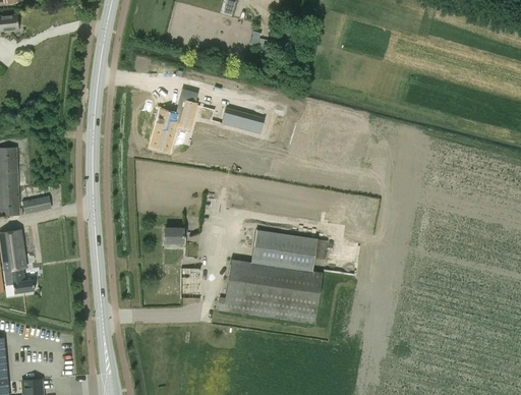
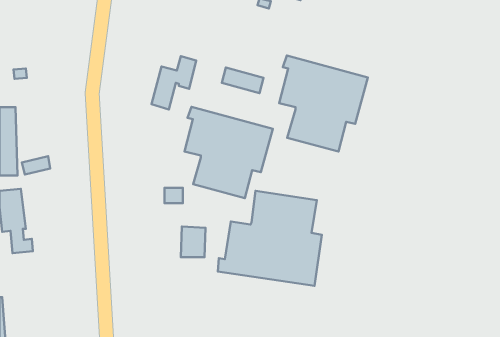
building: none -> [279,56,368,152]
building: none -> [185,107,273,198]

